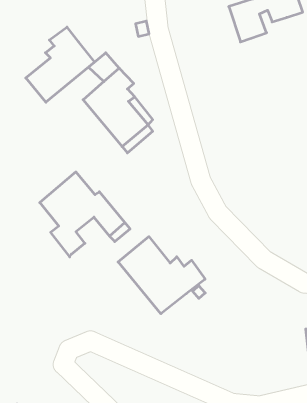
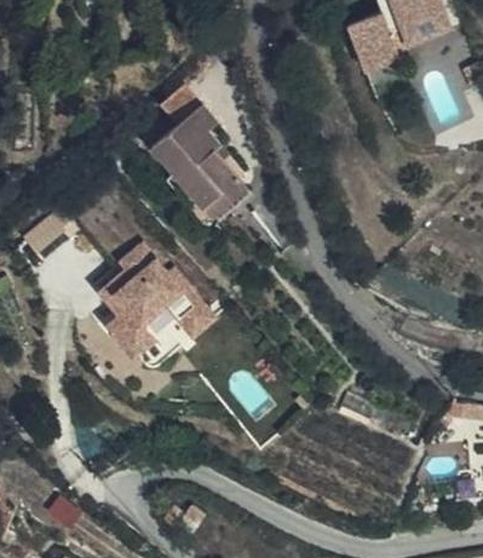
building: [26,27,94,102] -> none
building: [118,237,205,314] -> none

